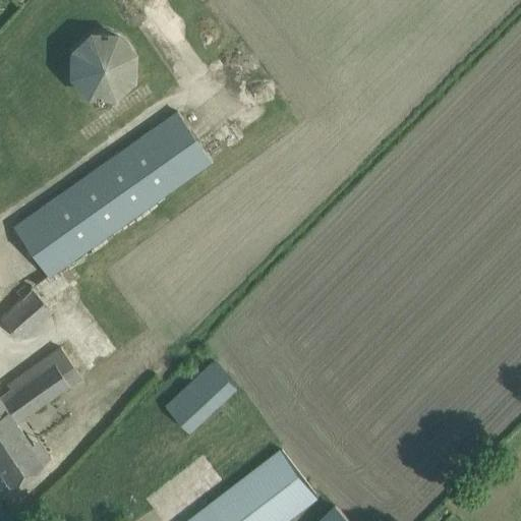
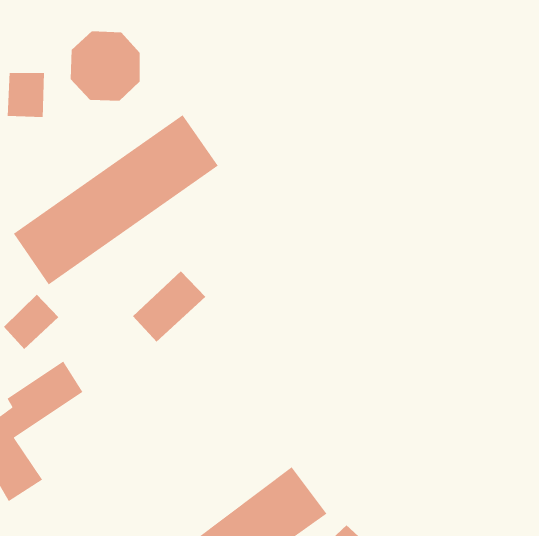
building: none -> [7,72,45,118]
building: [164,363,235,432] -> [132,271,206,342]

